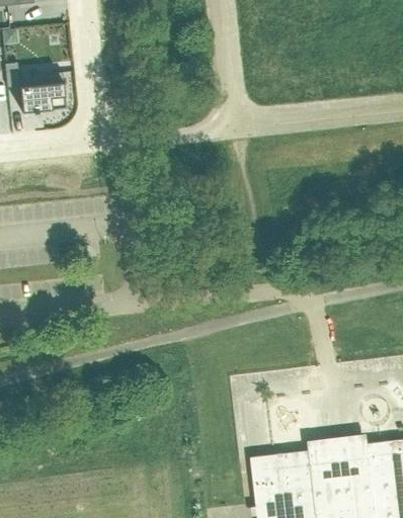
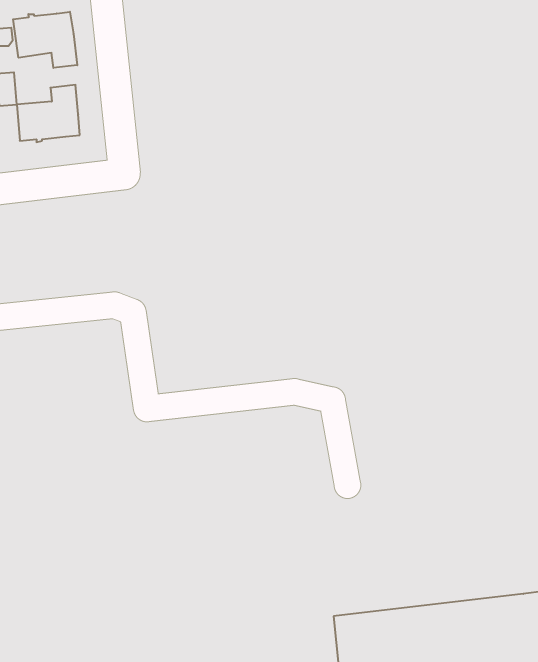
building: none -> [13,12,77,68]

